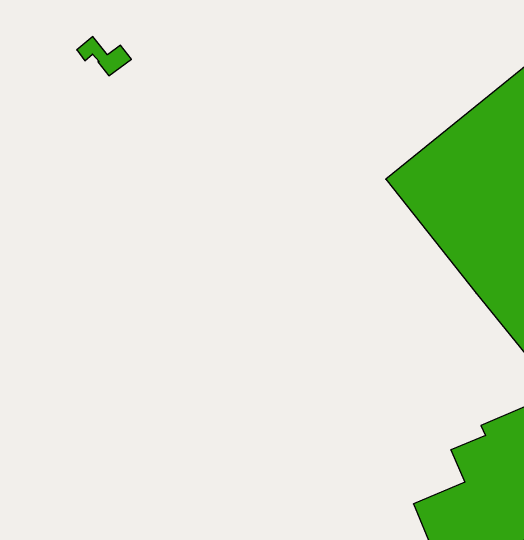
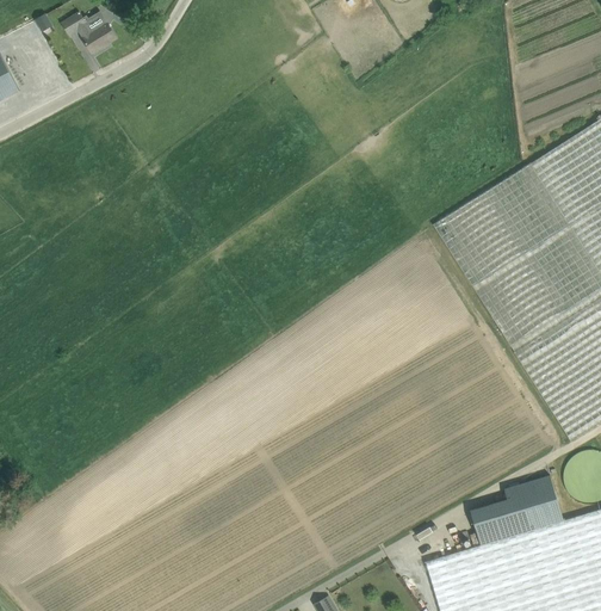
building: [77,37,131,76] -> [63,11,118,53]

